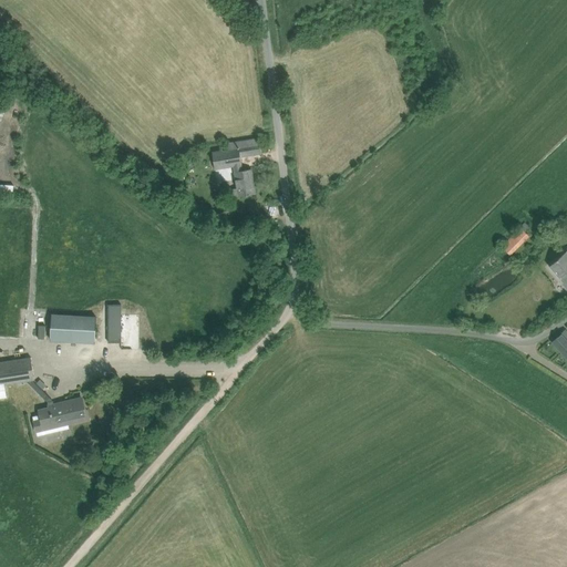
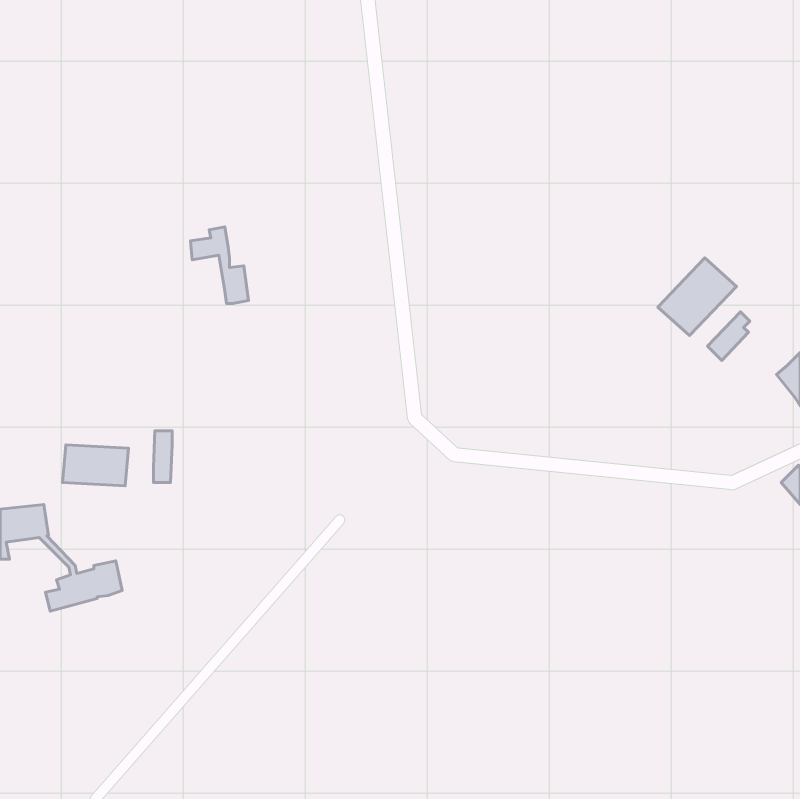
building: [214,141,255,195] -> [191,227,248,304]
building: none -> [658,258,737,336]

